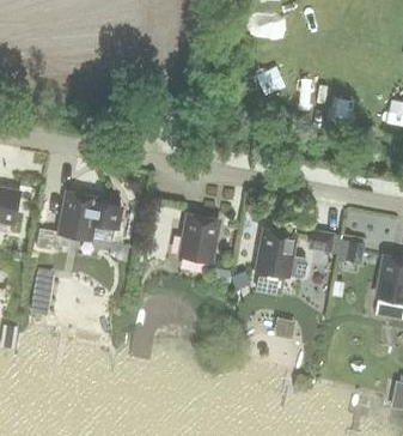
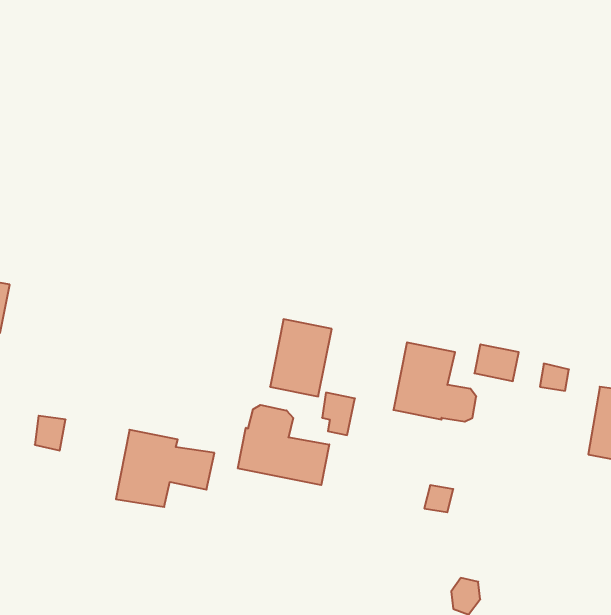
building: [59,192,120,240] -> [116,430,214,507]
building: none -> [238,405,329,485]

